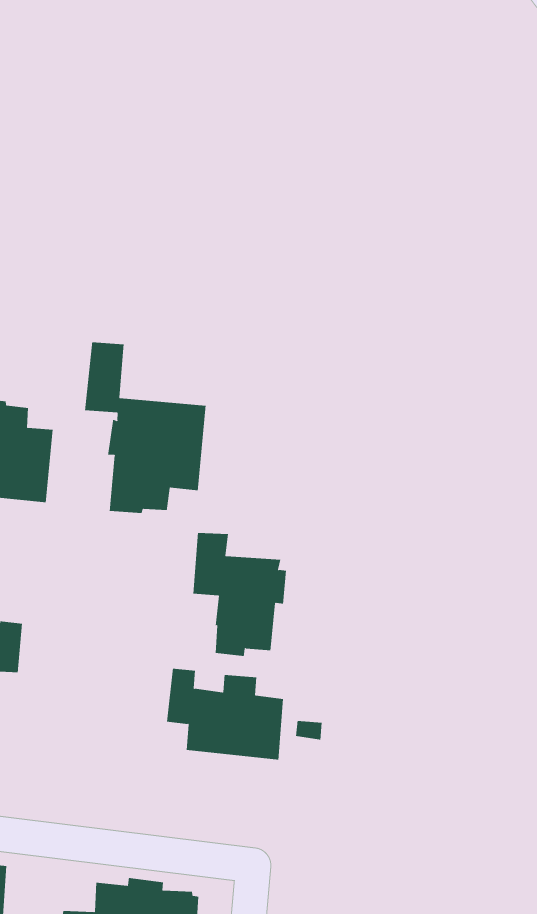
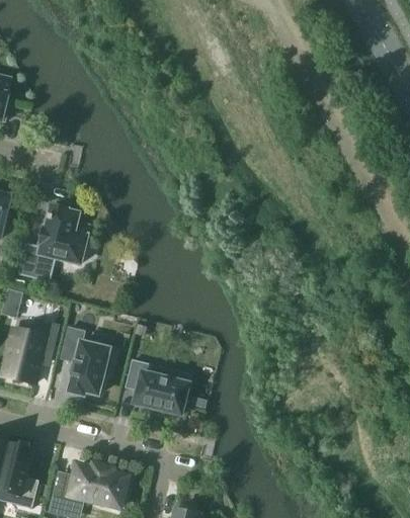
building: [84,341,206,514] -> none
building: [192,533,287,657] -> [60,328,110,396]

